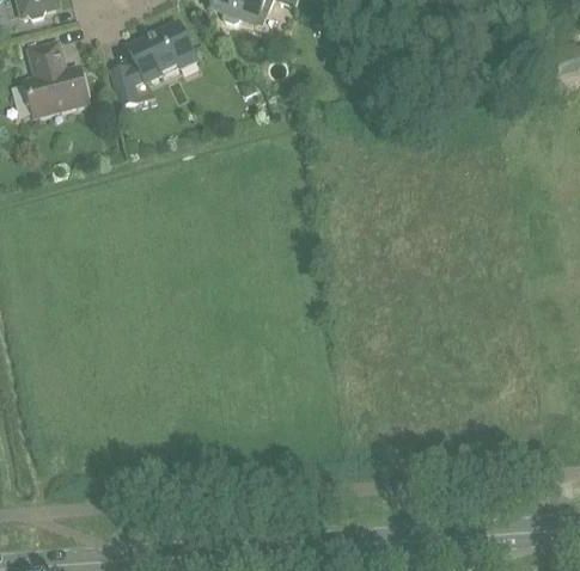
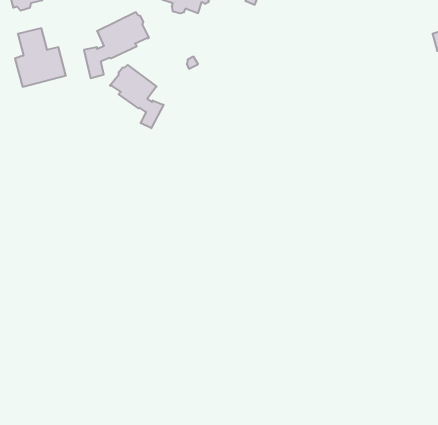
building: none -> [110,65,164,128]

